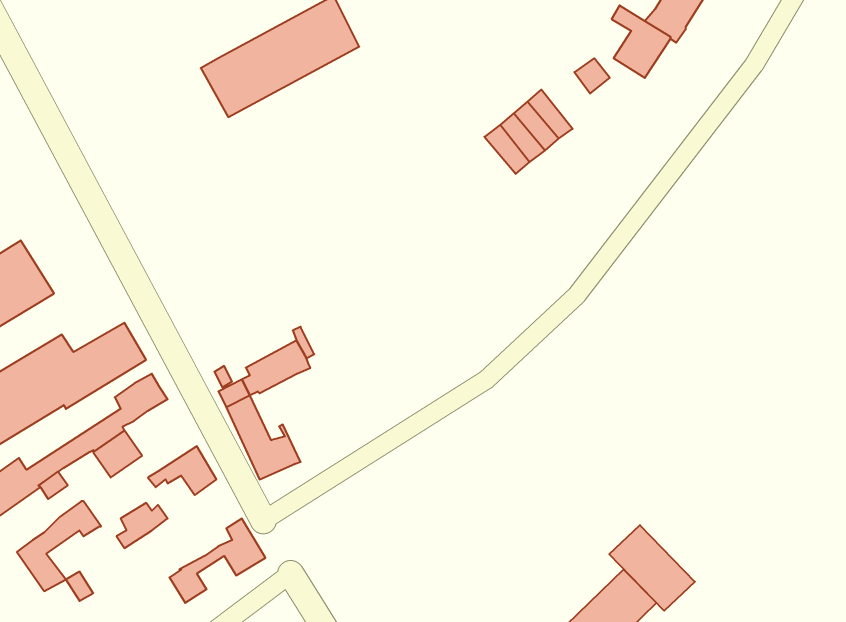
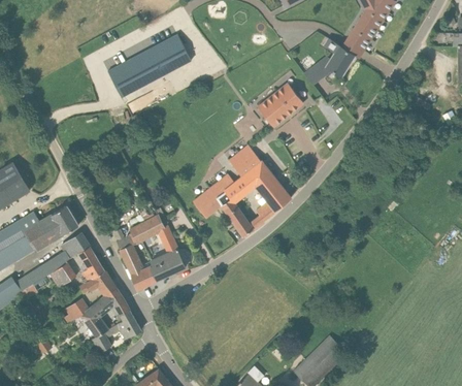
building: none -> [193,144,291,235]
building: none -> [151,226,186,279]
building: none -> [79,246,105,284]
building: [17,501,101,591] -> [81,288,126,335]
building: [609,525,695,611] -> none

